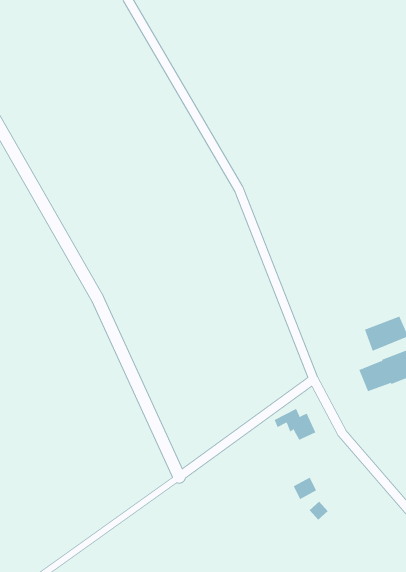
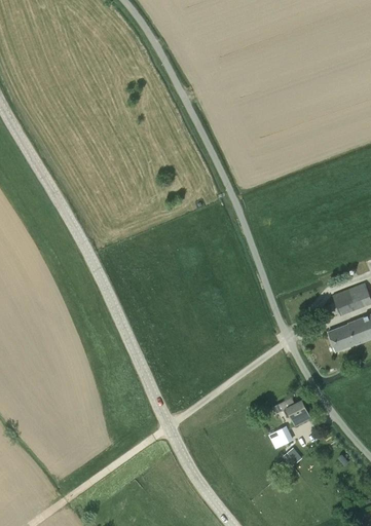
building: [274,408,316,440] -> [271,396,309,424]

